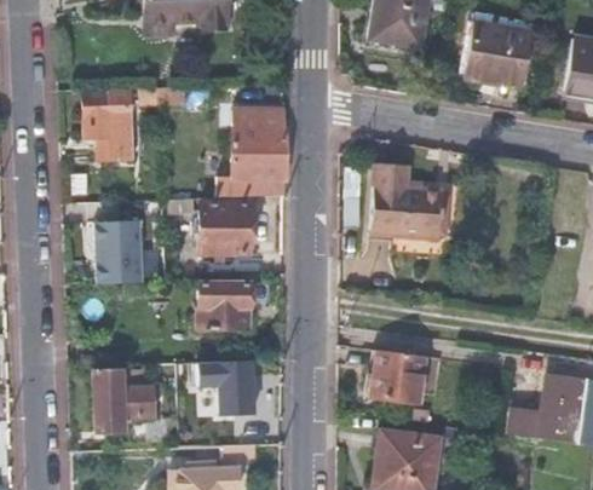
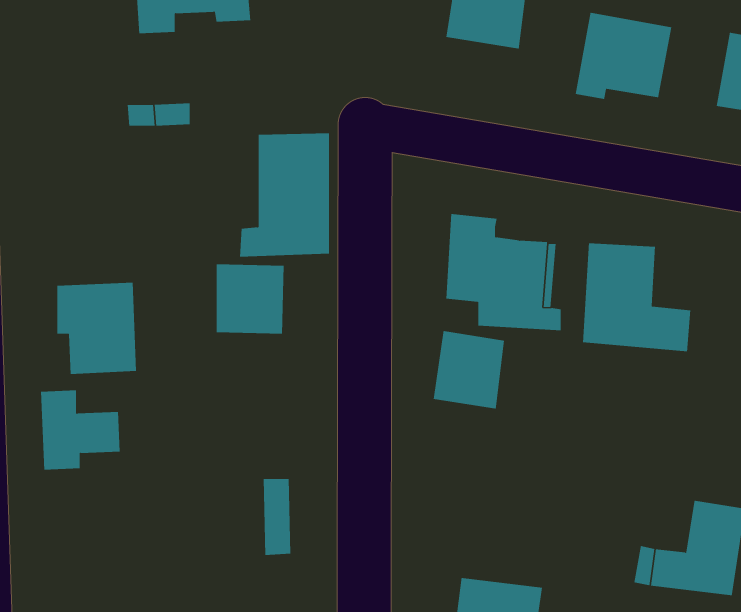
building: [85,90,132,160] -> none
building: none -> [582,242,691,352]
building: [201,284,249,327] -> none
building: [373,347,425,404] -> [433,330,505,409]
building: [200,358,237,415] -> none
building: [96,371,154,430] -> [40,390,121,470]

